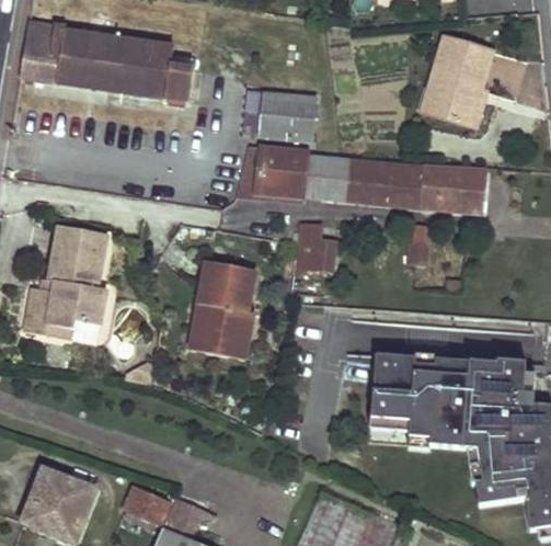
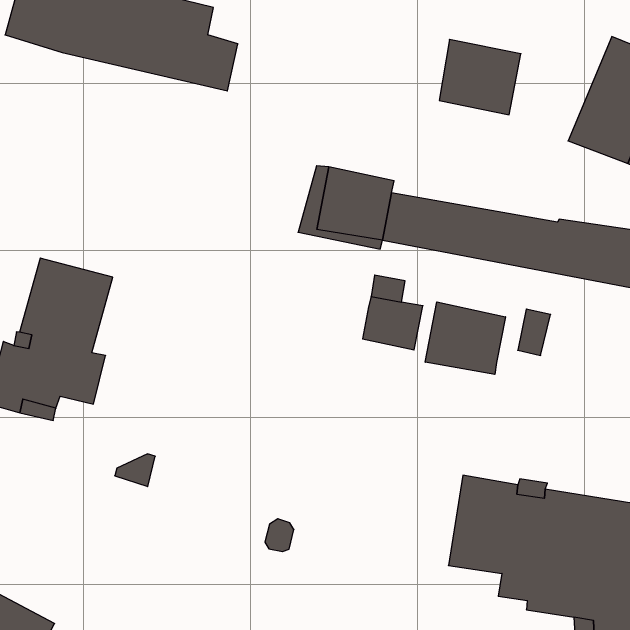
building: [260,92,314,141] -> [439,39,521,115]
building: none -> [425,302,505,374]
building: [193,264,255,364] -> none

